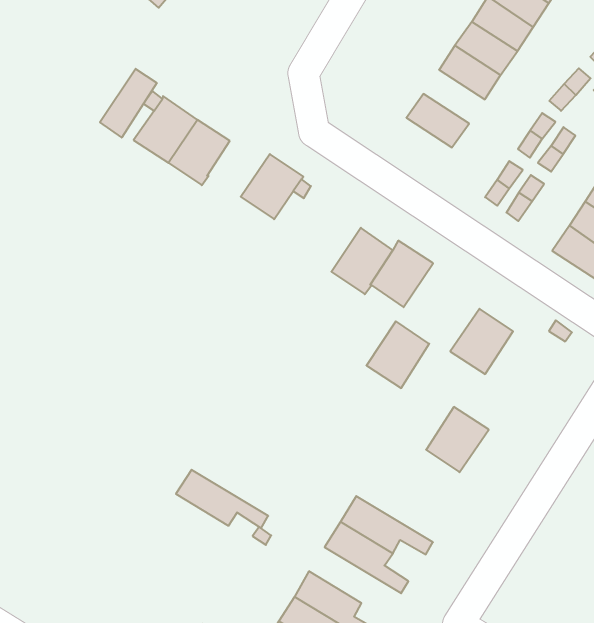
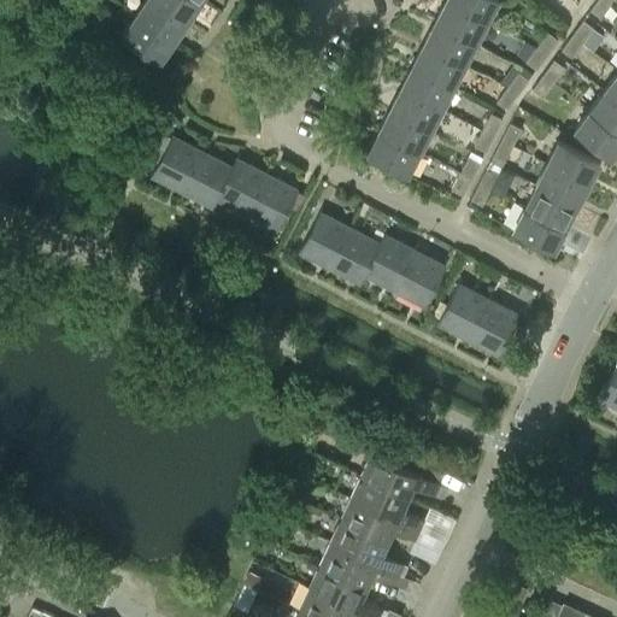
building: [100,69,157,138] -> none
building: none -> [392,89,443,131]
building: none -> [369,133,421,176]
building: none -> [218,160,269,215]
building: none -> [301,213,352,269]
building: [366,321,429,388] -> [395,252,446,307]
building: [426,407,489,472] -> [470,301,521,355]
building: [176,470,268,528] -> [341,500,421,543]

